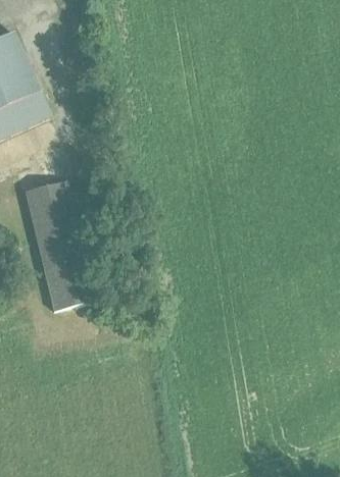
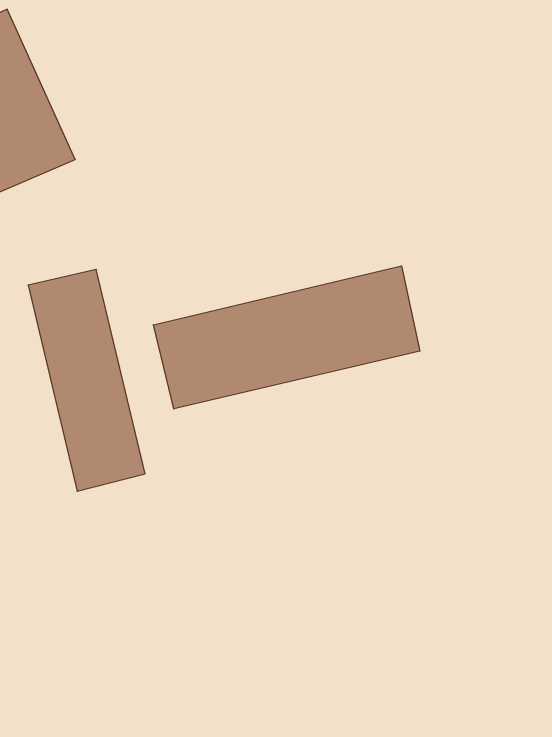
building: none -> [153,266,420,409]

